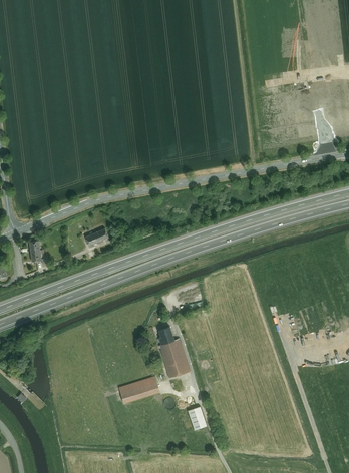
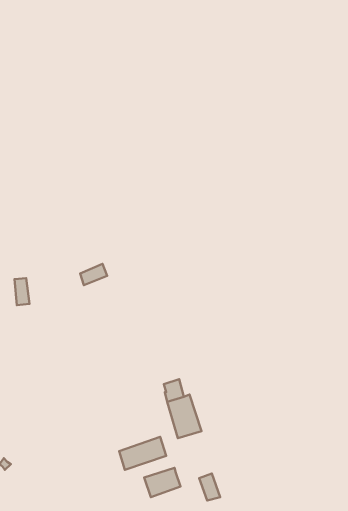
building: none -> [144,468,181,497]

